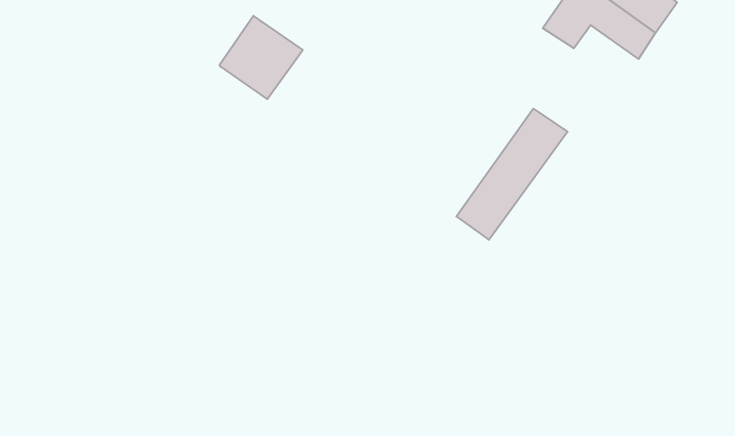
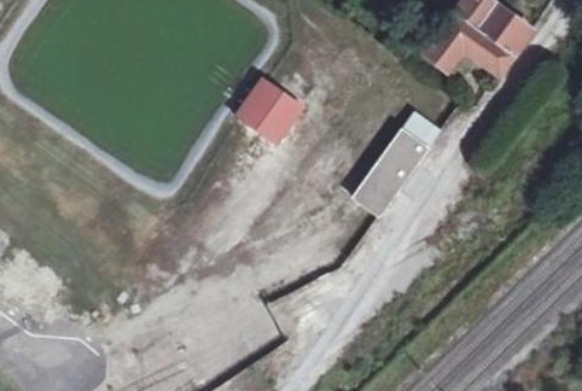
building: [219,16,303,99] -> [235,75,301,140]

